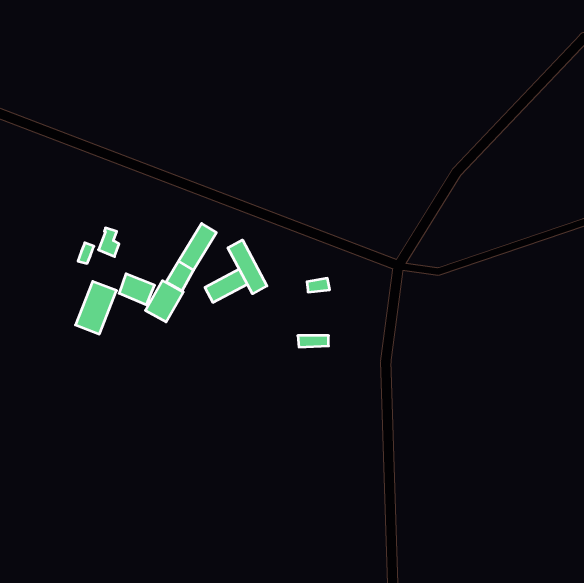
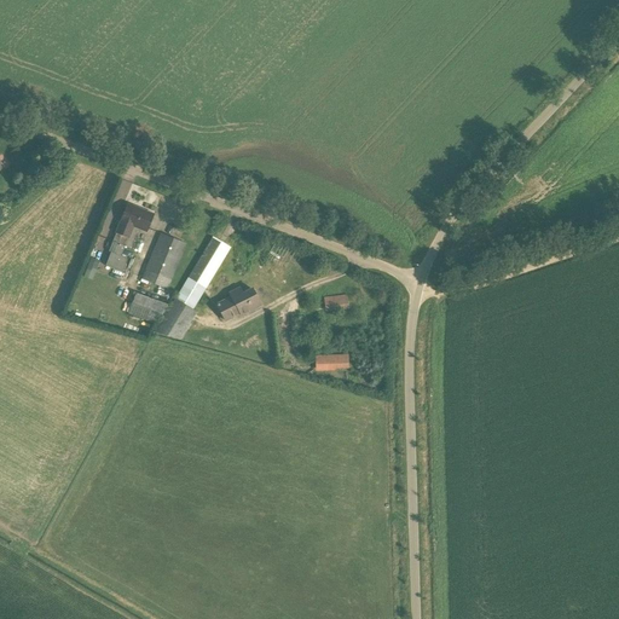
building: none -> [111,204,152,248]
building: [228,240,267,294] -> none
building: [75,281,117,334] -> [141,232,185,288]

